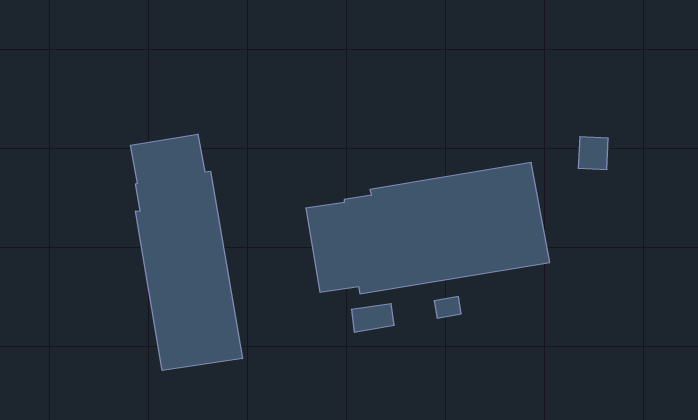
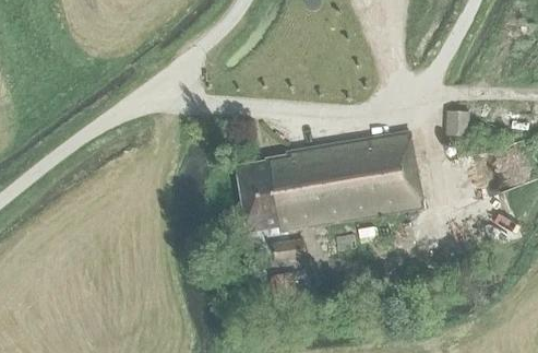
building: [131,134,243,370] -> none

